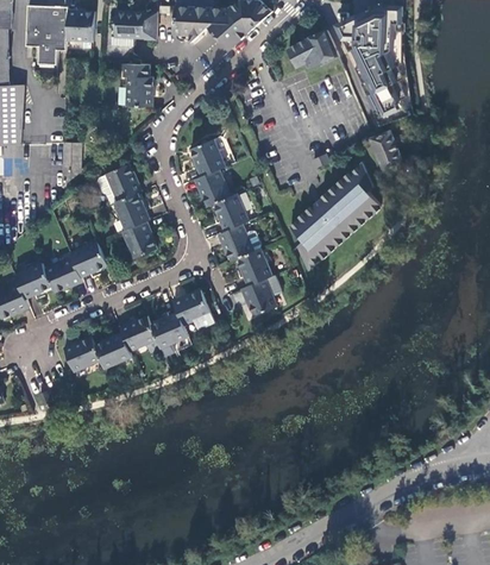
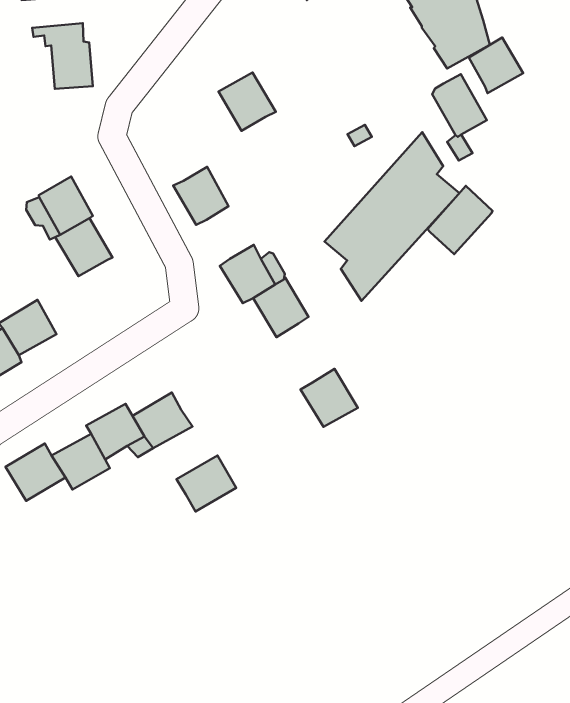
building: none -> [469,38,523,93]
building: [190,139,226,176] -> [218,73,276,131]
building: [214,193,250,231] -> none
building: none -> [428,186,493,254]
building: [124,221,157,258] -> none
building: [241,278,277,315] -> [301,369,358,427]
building: [172,290,211,325] -> [177,456,236,511]

